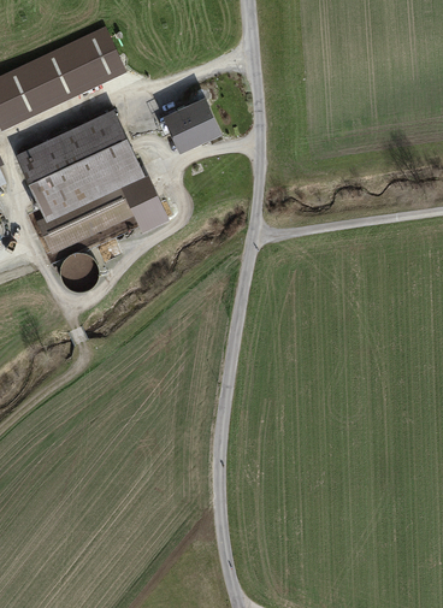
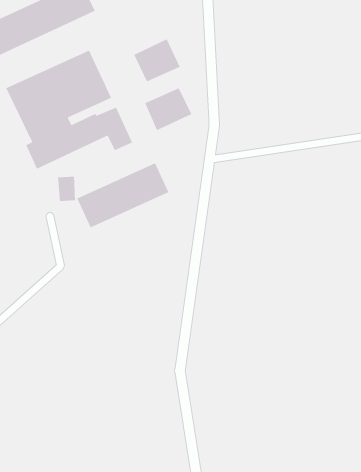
building: none -> [144,87,192,131]
building: none -> [76,162,169,228]

